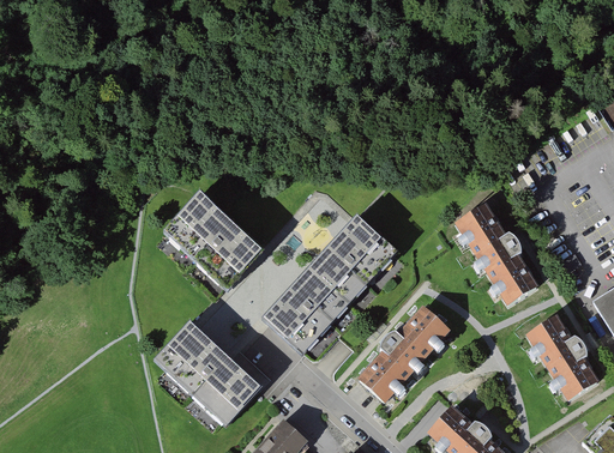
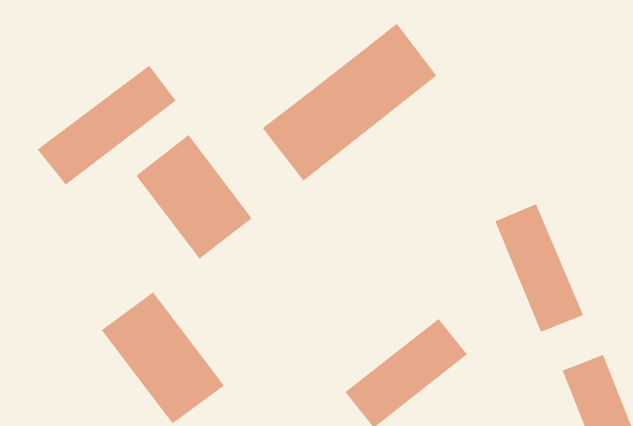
building: none -> [37,65,176,186]
building: [263,216,396,354] -> [262,23,437,181]

